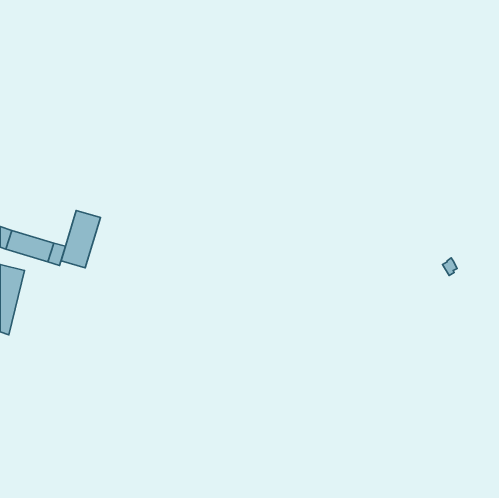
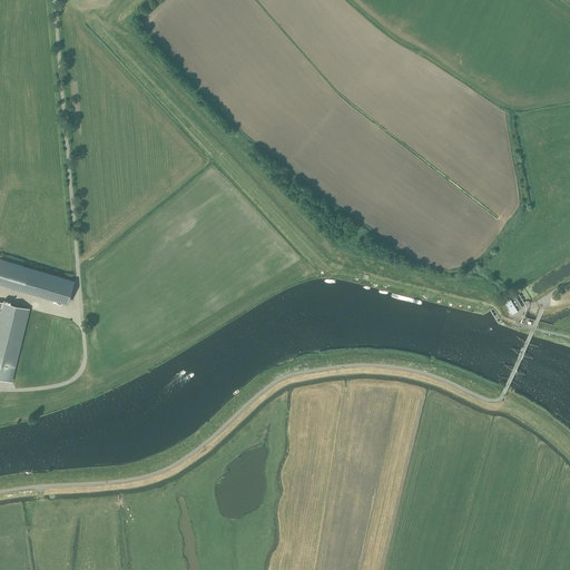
building: [61,210,100,268] -> none

